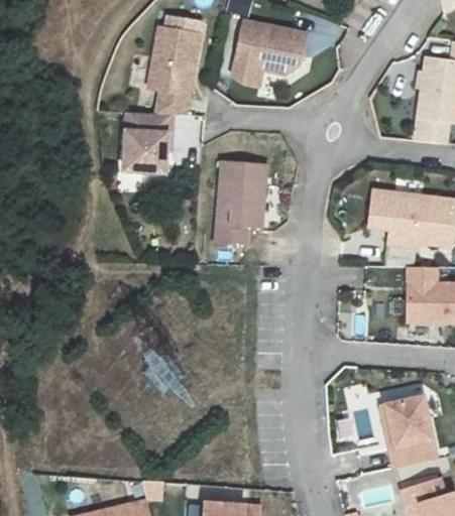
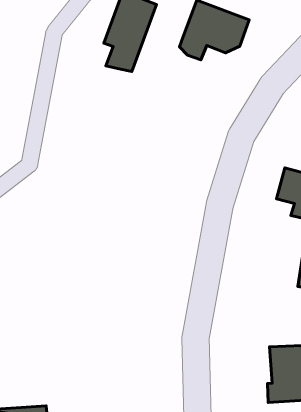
building: [122,115,170,175] -> none
building: [213,162,264,248] -> none

